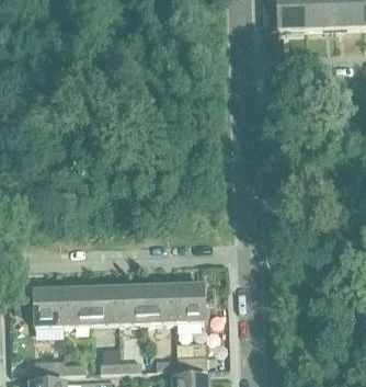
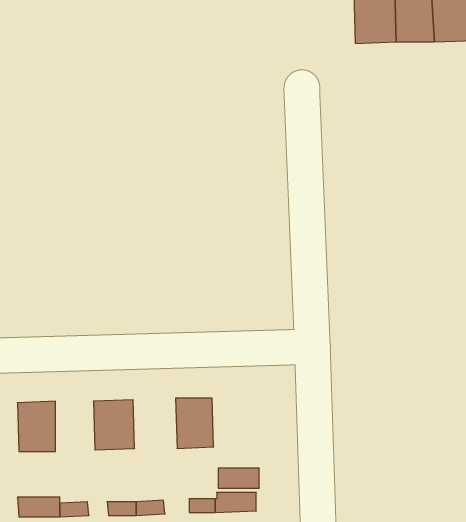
building: [174,286,204,322] -> none
building: [117,287,149,323] -> none
building: [61,289,90,326] -> none

